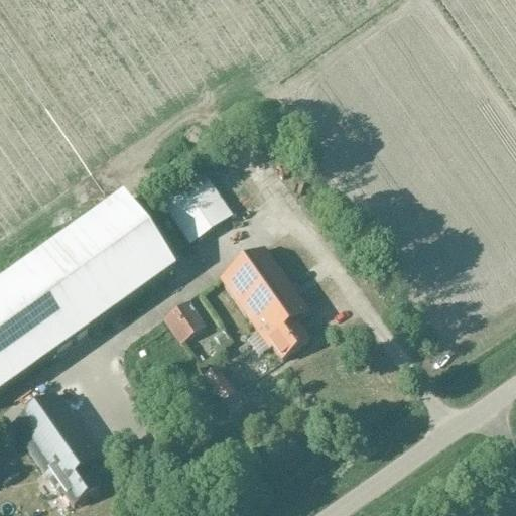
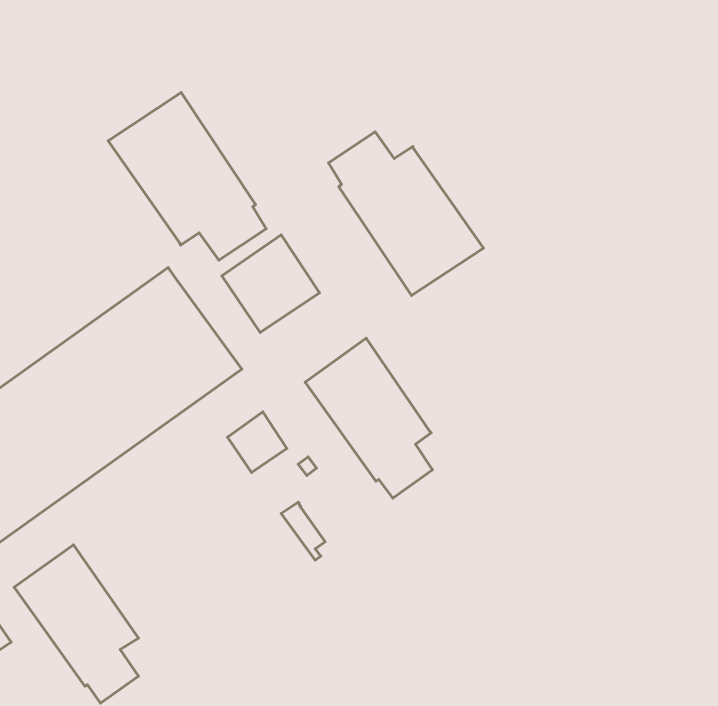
building: none -> [108,93,266,260]
building: none -> [329,132,483,296]

